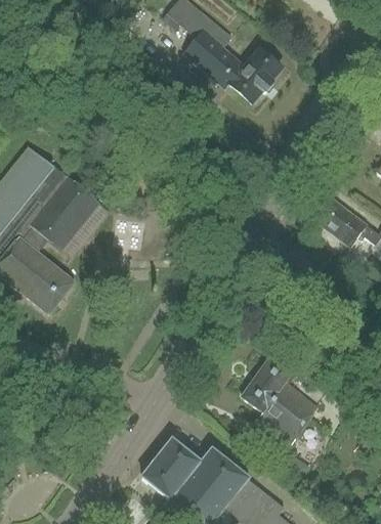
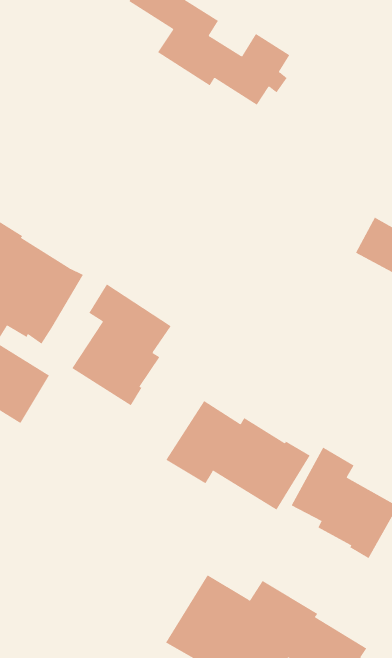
building: none -> [72,283,172,406]
building: none -> [165,400,311,510]

